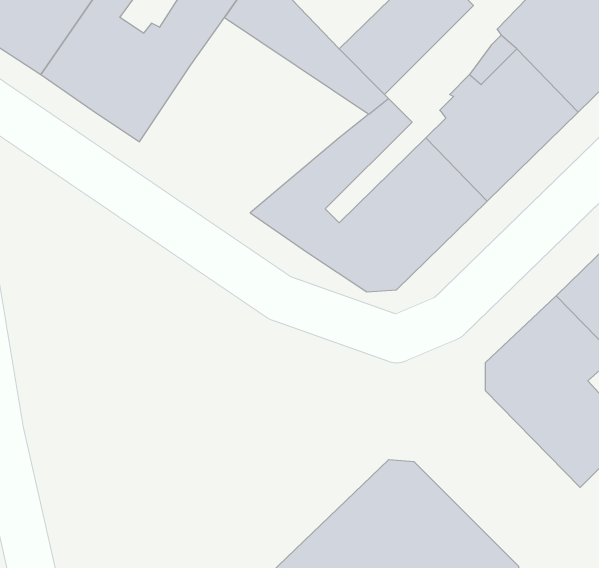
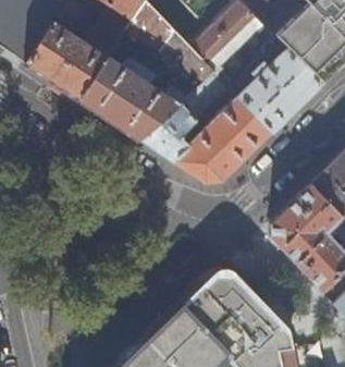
building: none -> [79,57,189,138]

